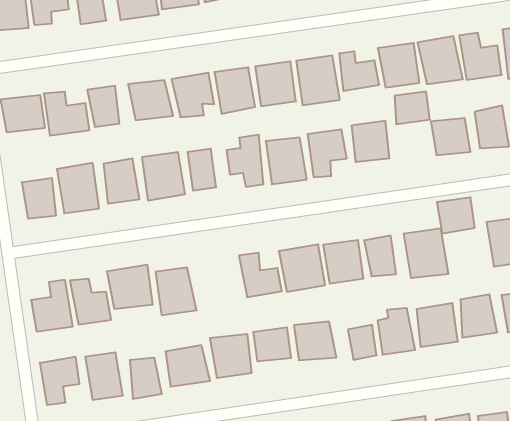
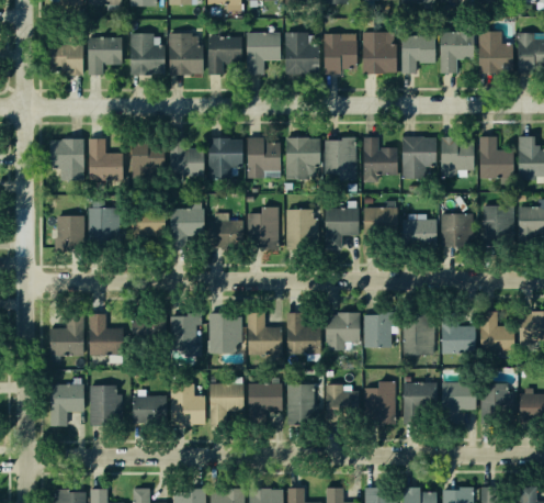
building: [395,92,430,124] -> [403,220,434,246]
building: [437,197,475,233] -> [441,324,473,354]
building: none -> [209,310,243,351]

